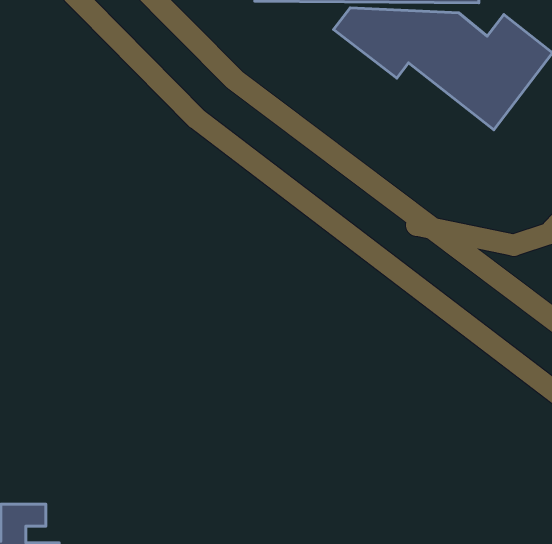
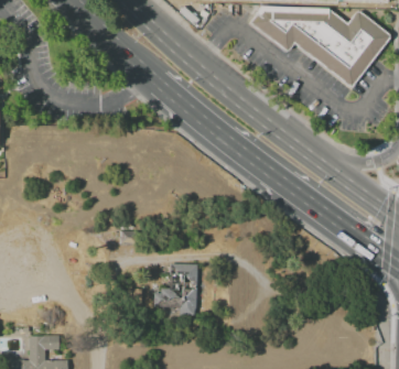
building: none -> [152,263,195,315]

